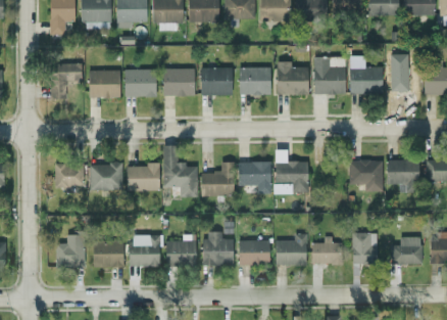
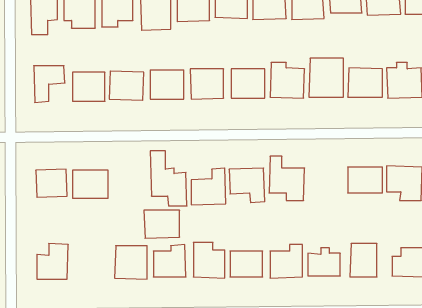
building: [126,164,159,190] -> [144,210,180,238]
building: [92,239,122,267] -> none

